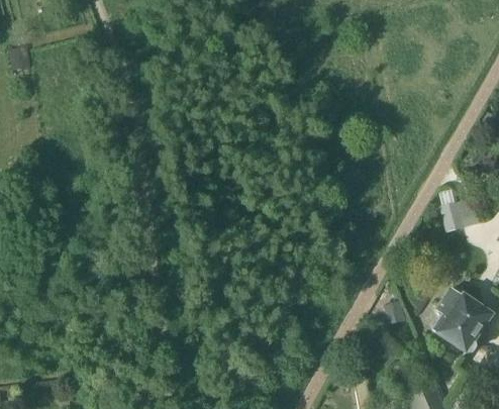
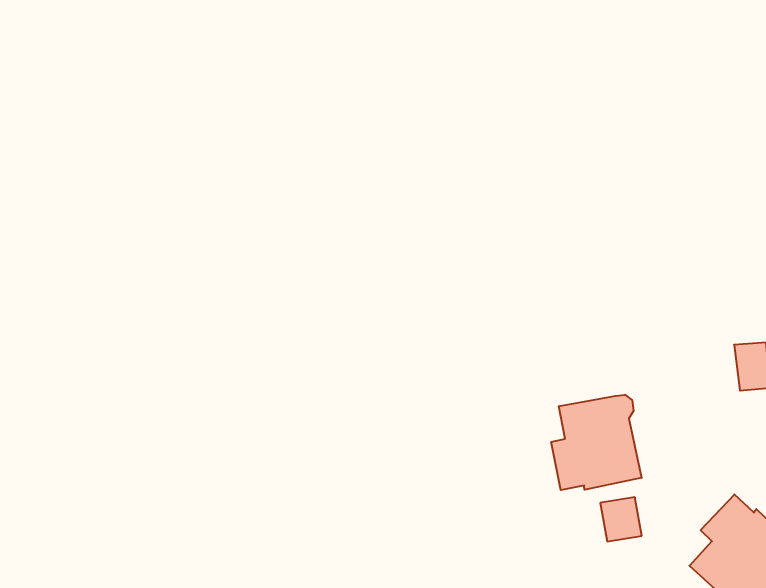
building: none -> [551,395,642,490]

